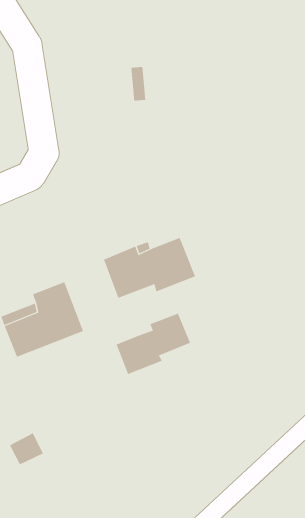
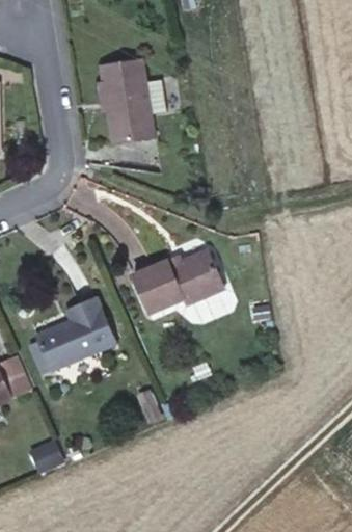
building: none -> [96,56,153,141]
building: [116,313,191,375] -> none

